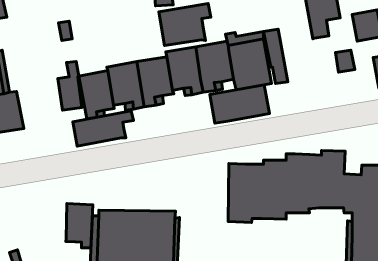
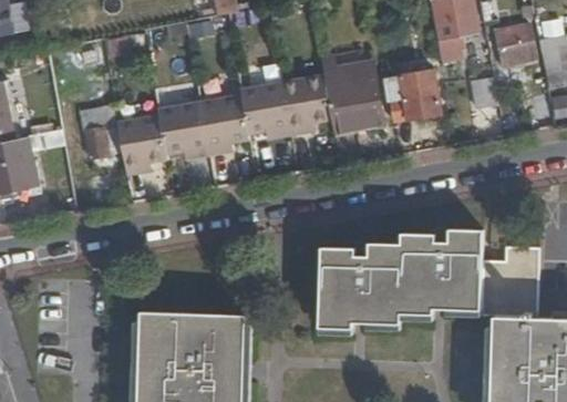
building: [159,4,211,46] -> none
building: none -> [396,78,437,130]
building: [210,85,269,123] -> none
building: [73,111,133,146] -> none
building: [66,203,93,248] -> none

